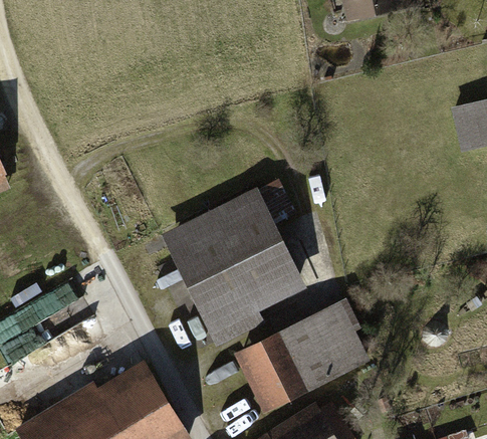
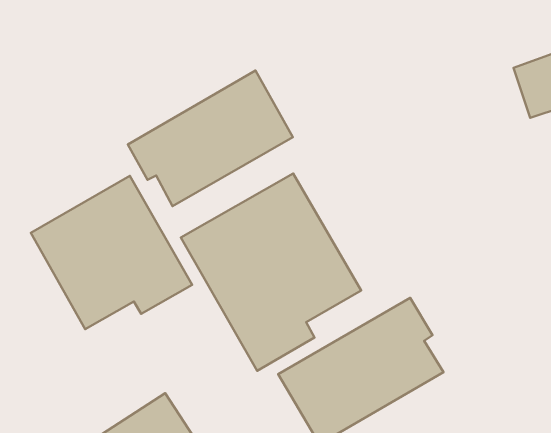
building: none -> [128,71,293,206]
building: none -> [31,176,192,329]

